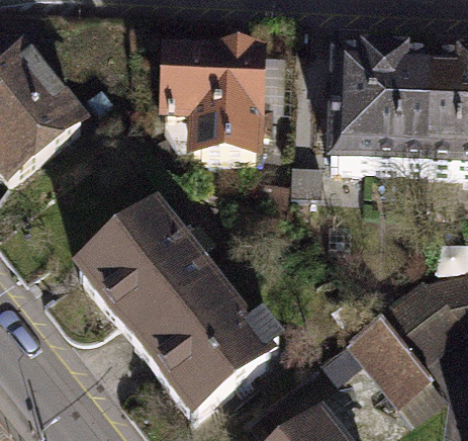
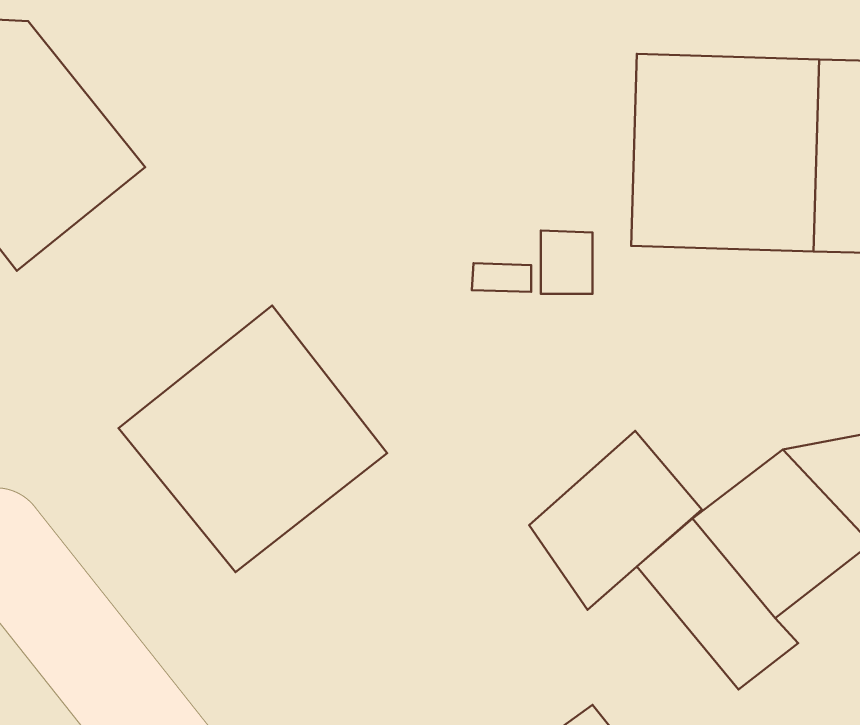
building: [160,40,261,152] -> none
building: none -> [529,431,702,610]
building: [131,273,282,412] -> none

